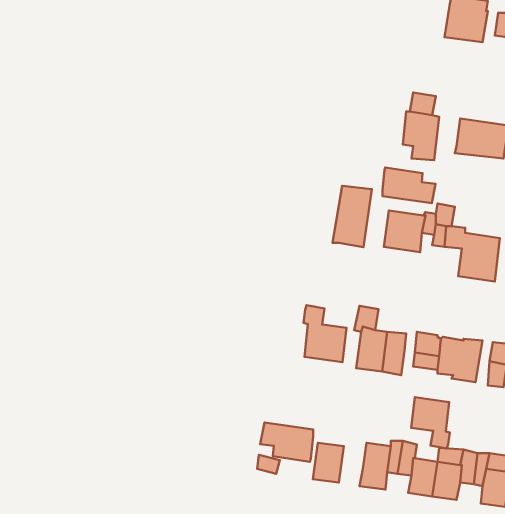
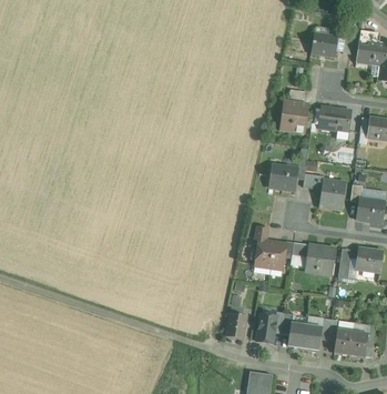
building: [383,167,436,203] -> none
building: [333,186,372,247] -> none
building: [304,305,346,362] -> none
building: [411,397,450,448] -> none
building: [260,423,313,462] -> none

